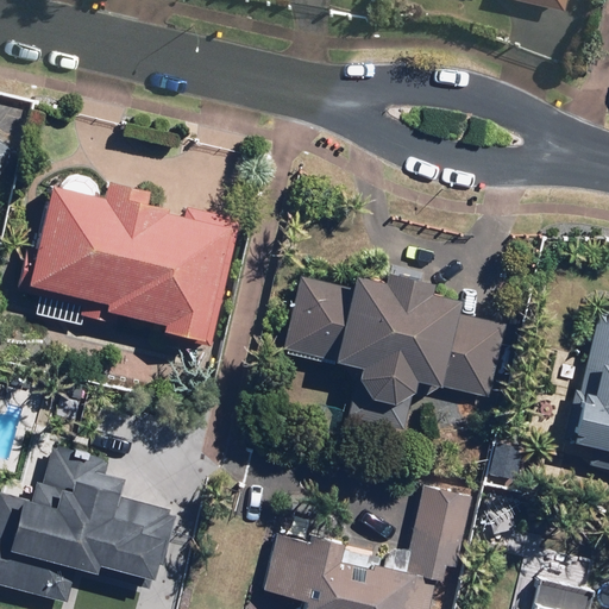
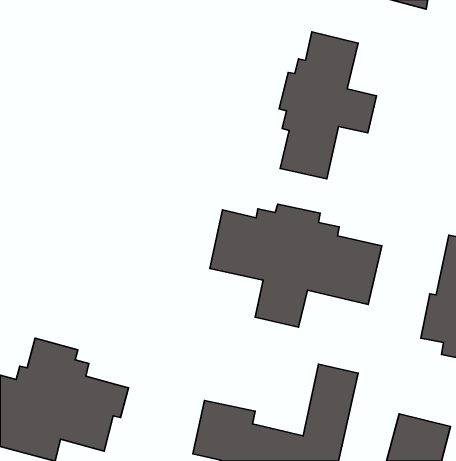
building: none -> [279,32,377,179]
building: [15,174,245,350] -> none

